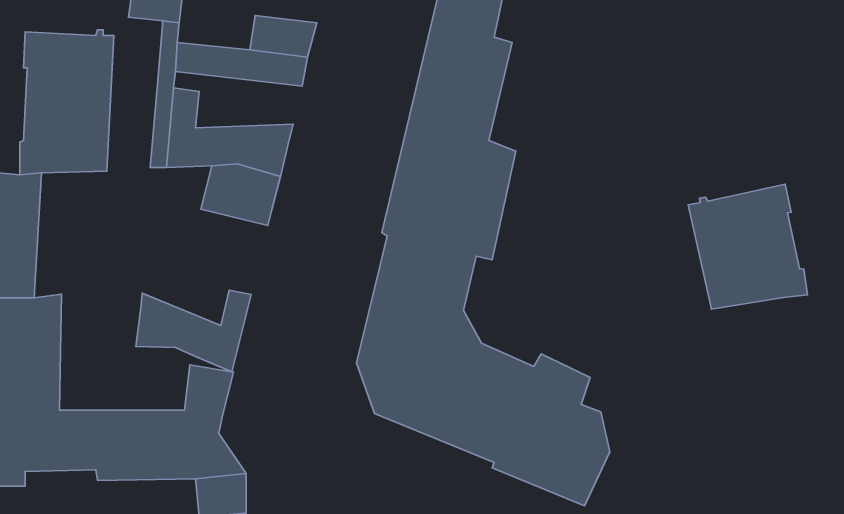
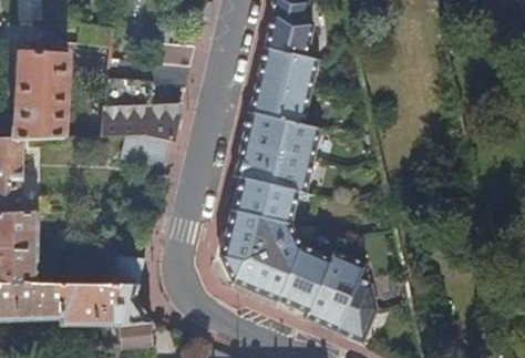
building: [688,184,807,309] -> none
building: [136,290,251,372] -> none

